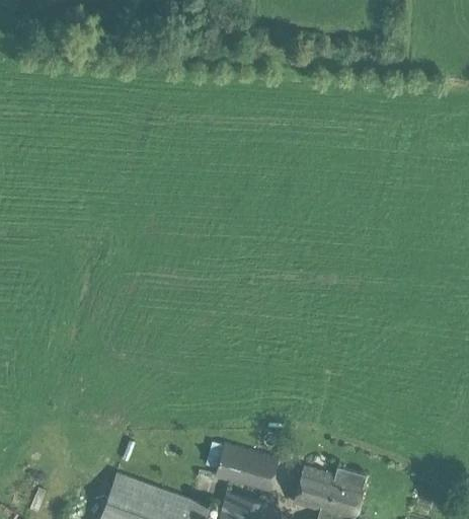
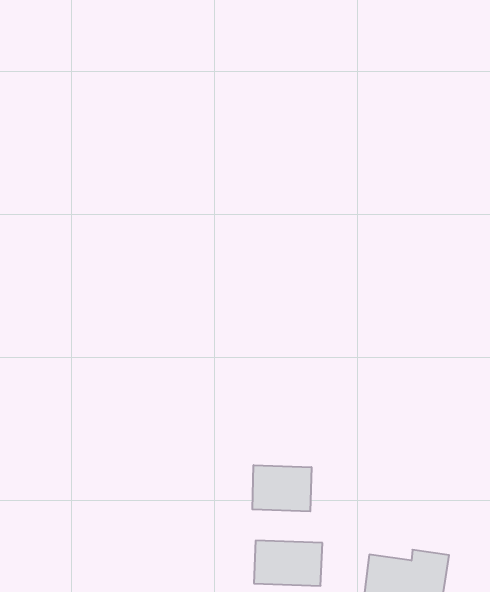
building: none -> [252,465,311,511]

